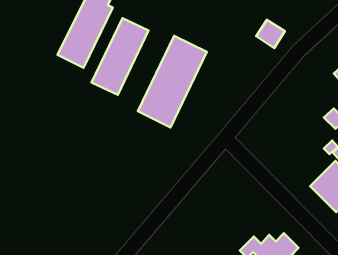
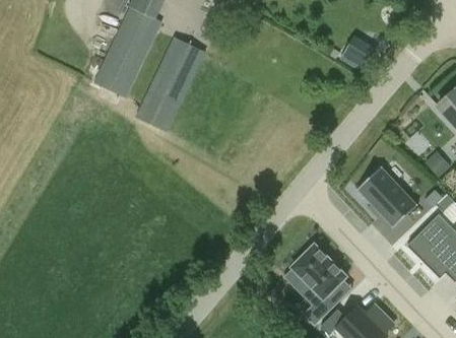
building: [138,36,207,127] -> none
building: none -> [359,164,418,225]
building: none -> [289,243,347,325]

